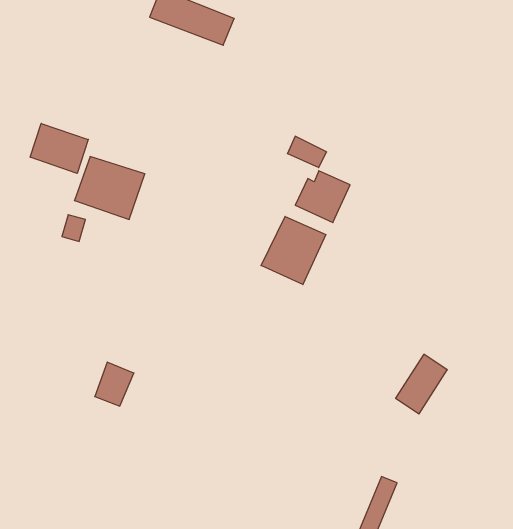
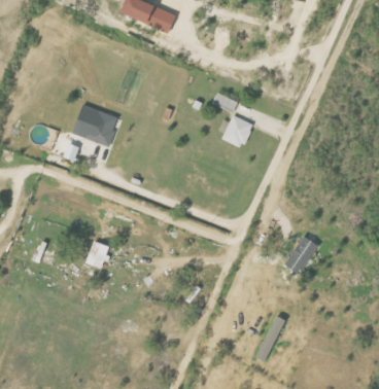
building: [30,123,88,173] -> none
building: [261,216,326,285] -> none

